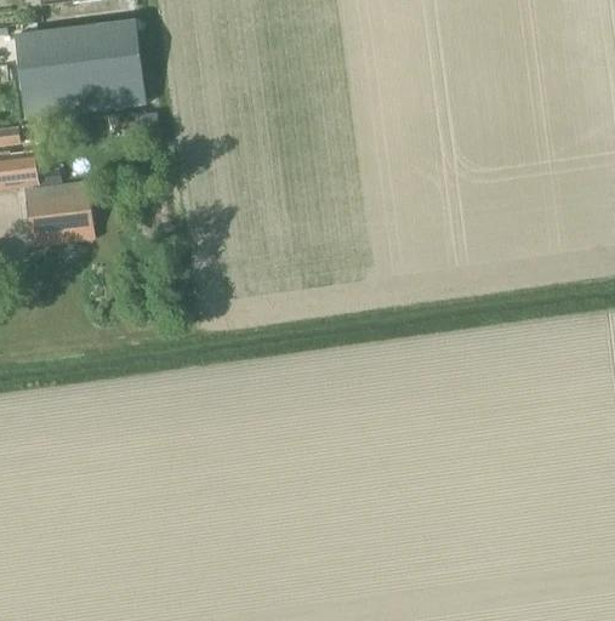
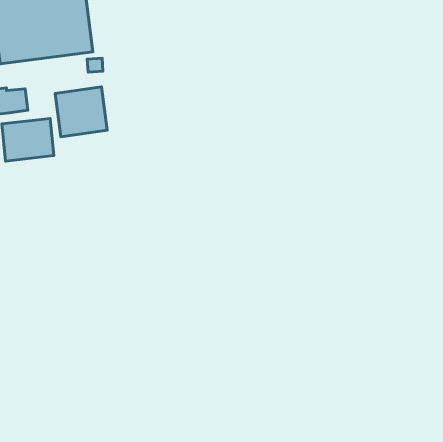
building: none -> [55,87,107,137]

